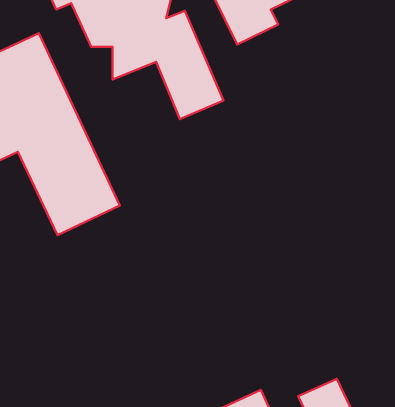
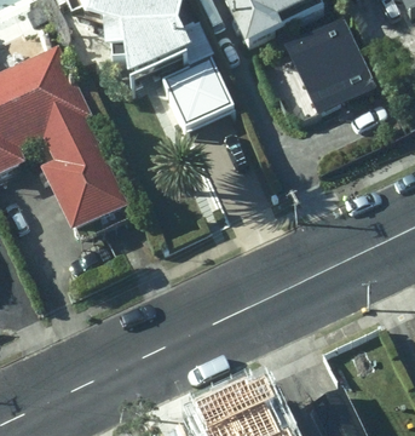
building: none -> [265,16,371,120]

